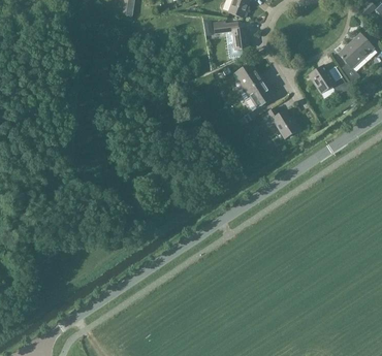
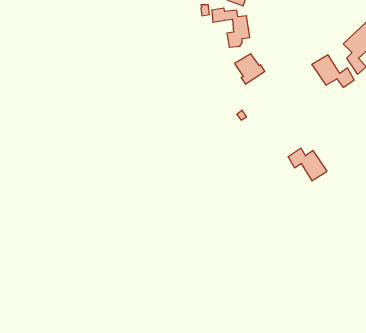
building: [246,79,274,107] -> none
building: [262,107,299,138] -> [288,148,327,181]

